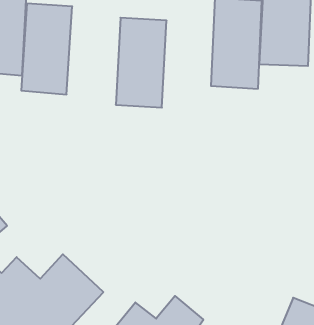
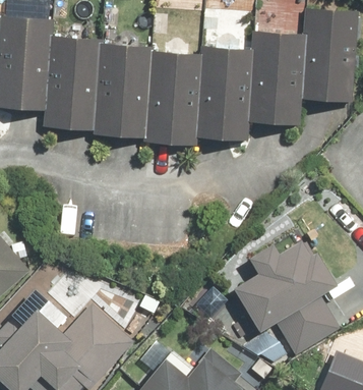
building: none -> [94,41,152,137]
building: none -> [197,45,252,141]
building: none -> [236,237,341,356]

